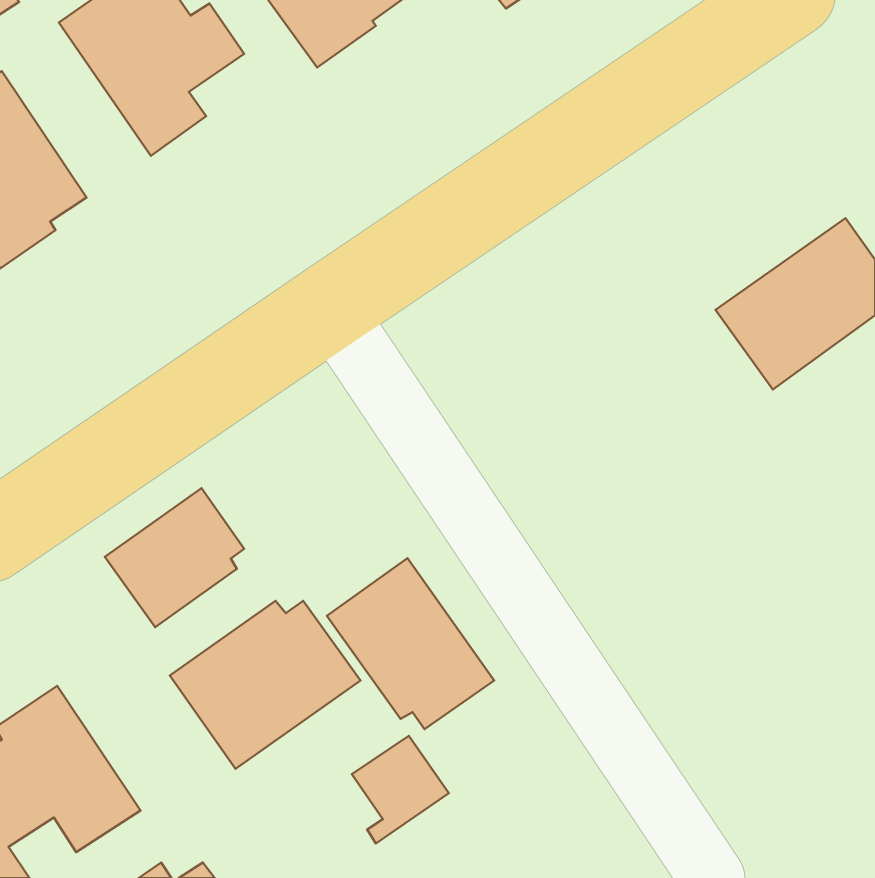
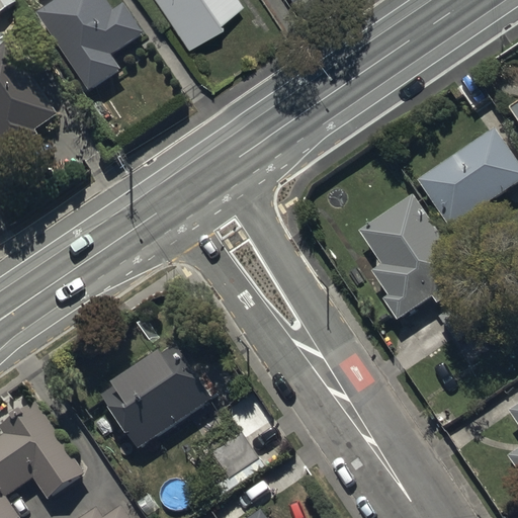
building: none -> [357,193,469,322]
building: [105,488,244,627] -> none
building: [327,558,494,729] -> none

